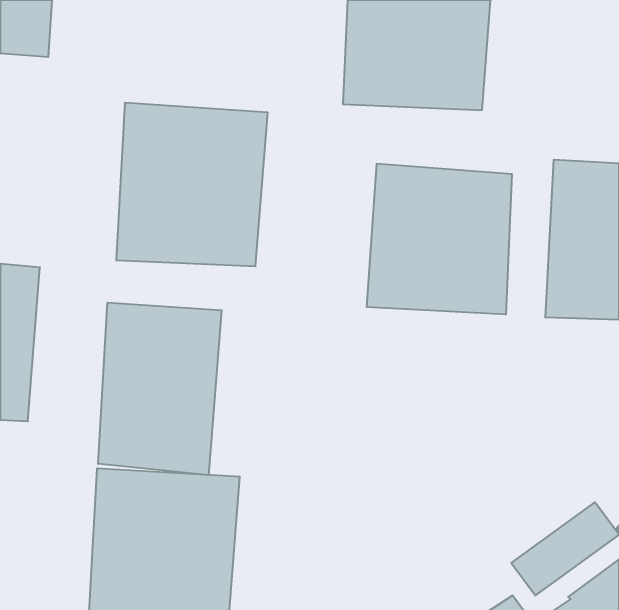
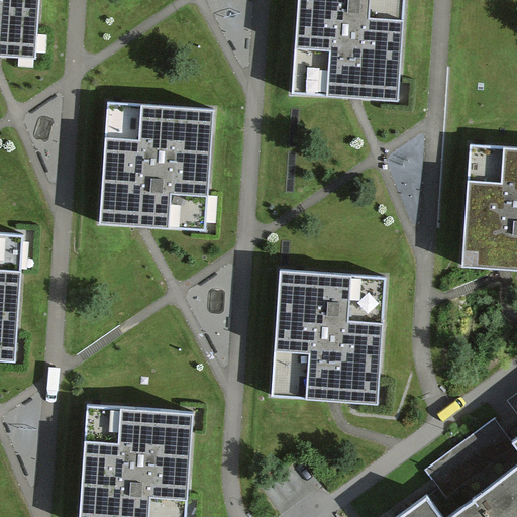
building: [367,164,512,315] -> none
building: [98,303,222,475] -> none
building: none -> [262,268,388,404]

